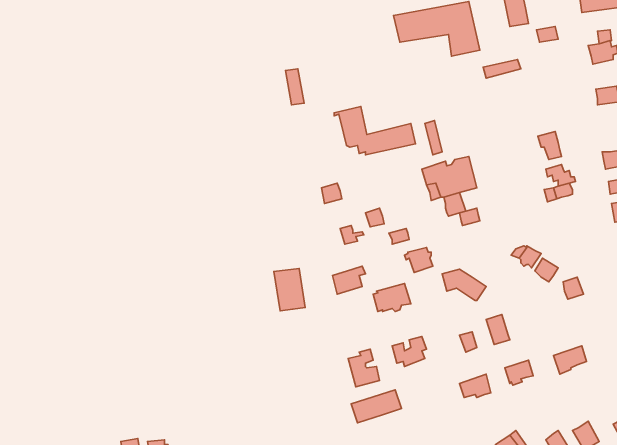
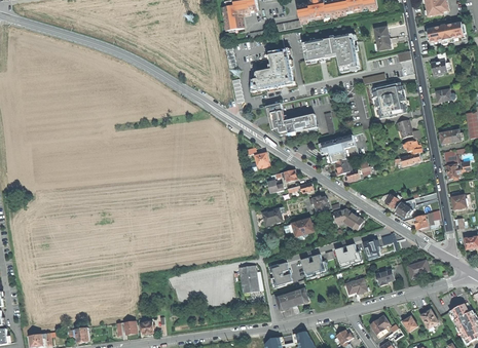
building: none -> [251,47,294,90]
building: none -> [372,81,407,117]
building: [274,268,305,311] -> [238,264,259,292]

